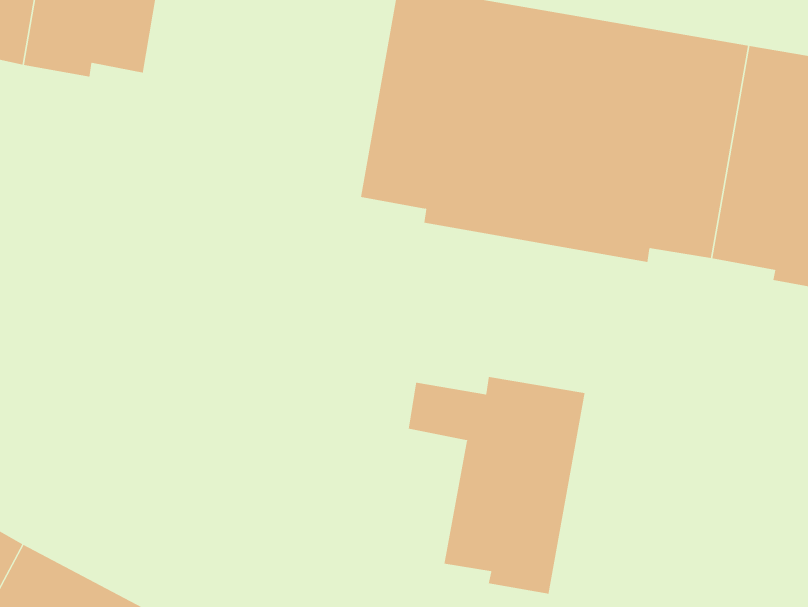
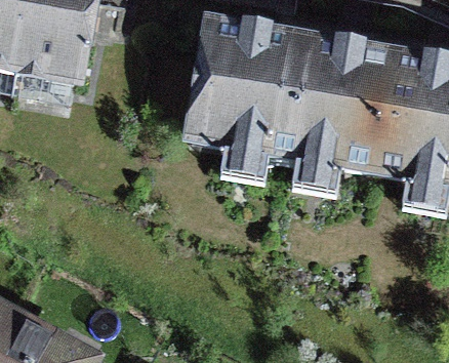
building: [408,376,585,595] -> none

